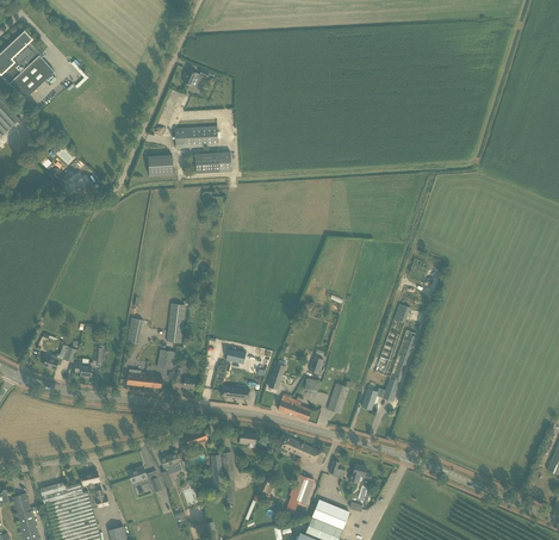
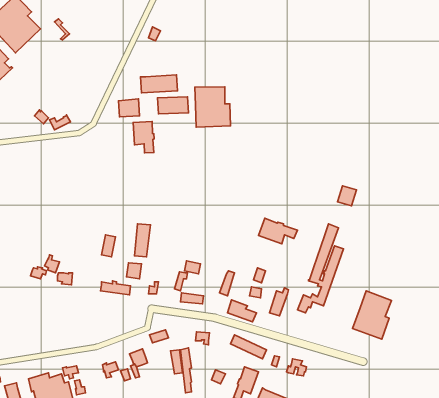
building: none -> [195,87,231,127]
building: none -> [133,122,154,153]
building: none -> [259,218,297,244]
building: none -> [352,291,391,339]

